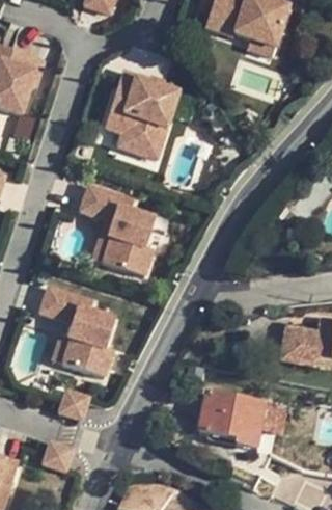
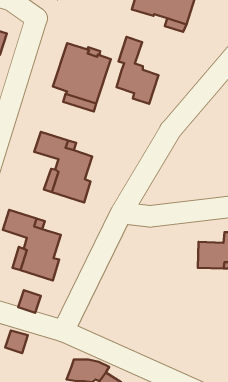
building: none -> [116,37,159,104]
building: [203,393,266,450] -> none

